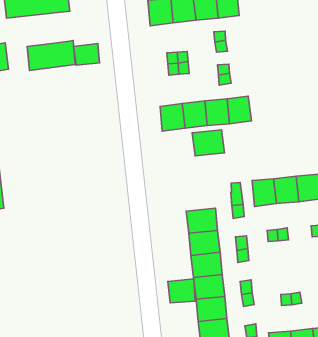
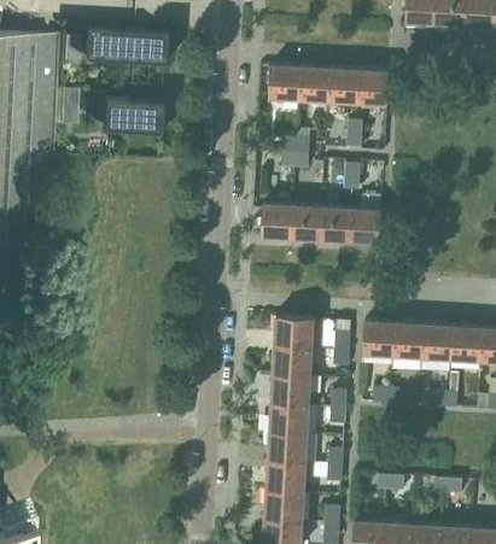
building: [74,43,100,65] -> none
building: [192,130,225,156] -> [274,315,314,347]
building: [168,279,195,303] -> none

